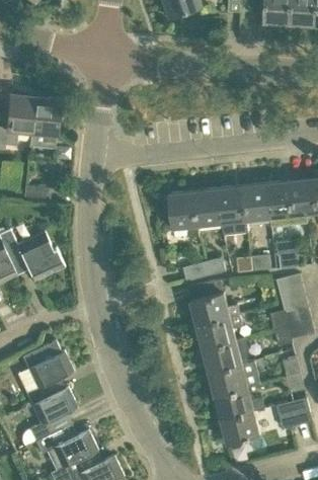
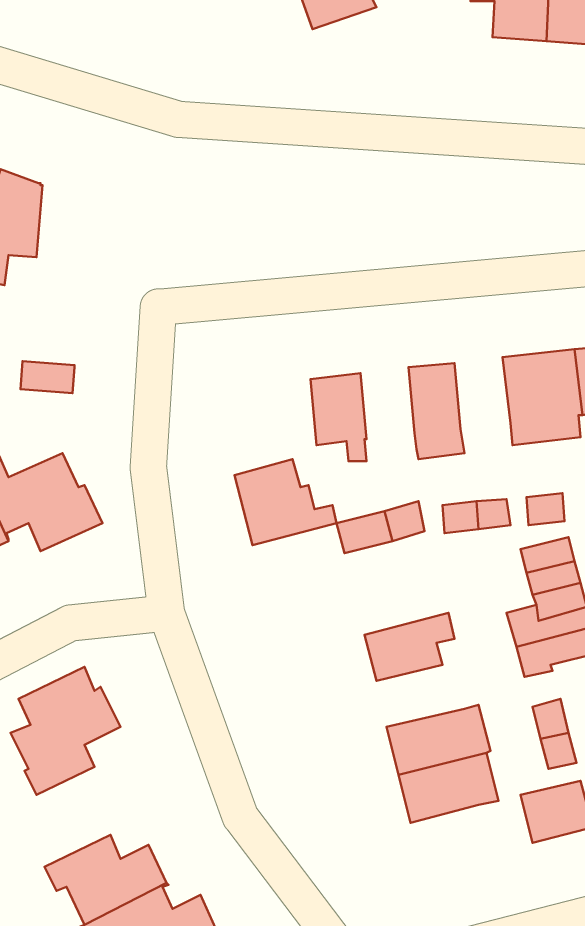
building: [29,96,60,148] -> none
building: [243,183,271,220] -> none
building: [195,188,223,225] -> none
building: [188,281,240,324] -> [234,459,337,545]
building: [204,337,250,371] -> none
building: [29,388,77,442] -> none
building: [221,410,261,443] -> none

